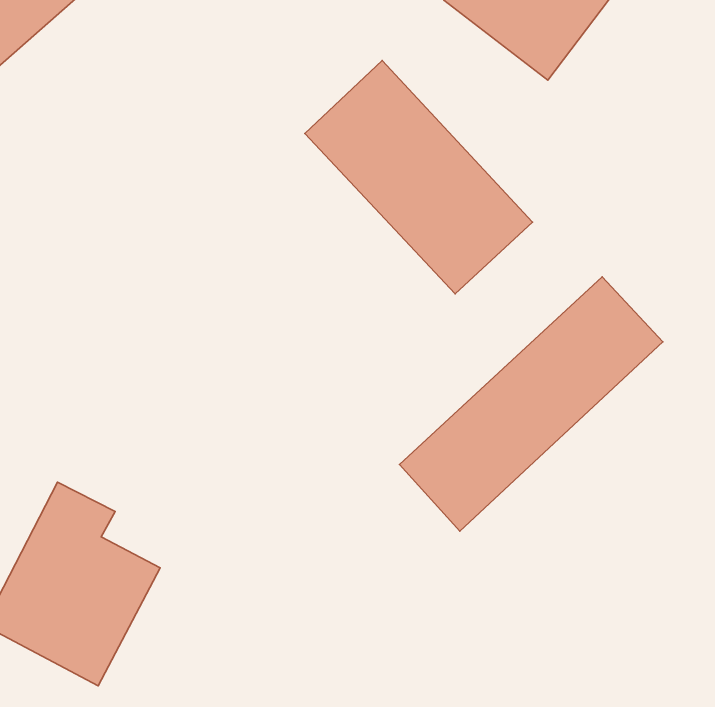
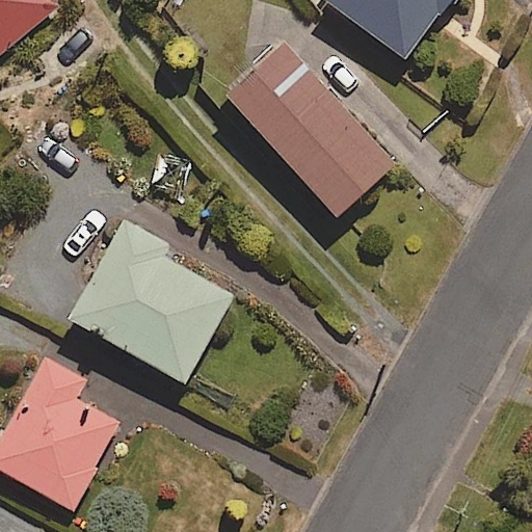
building: [399,277,663,531] -> none
building: none -> [70,222,234,383]

